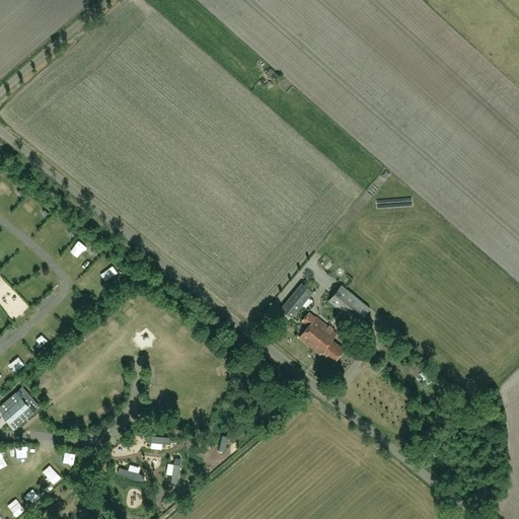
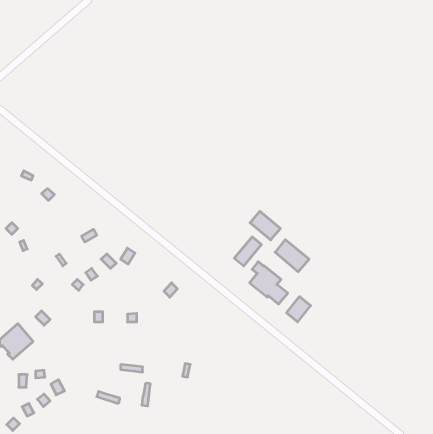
building: none -> [250,211,280,240]
building: none -> [287,297,311,322]

